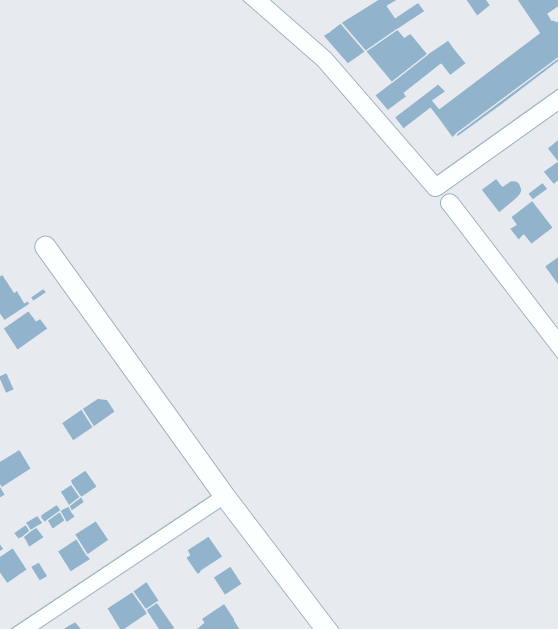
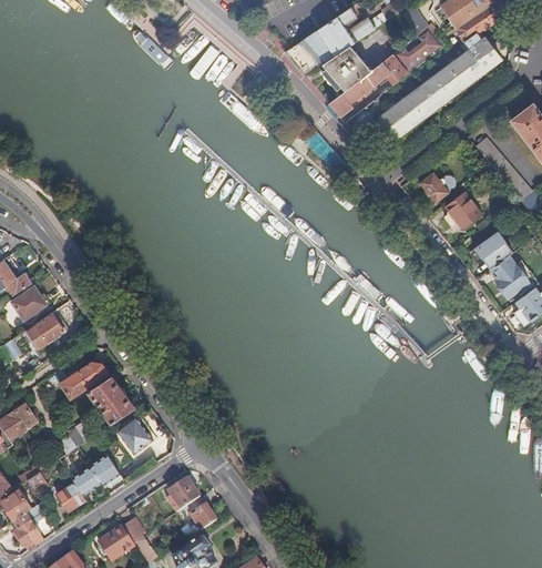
building: none -> [397,33,443,73]
building: none -> [25,308,68,347]
building: none -> [88,376,134,424]
building: none -> [116,416,152,453]
building: none -> [90,453,120,484]
building: none -> [12,511,43,549]

